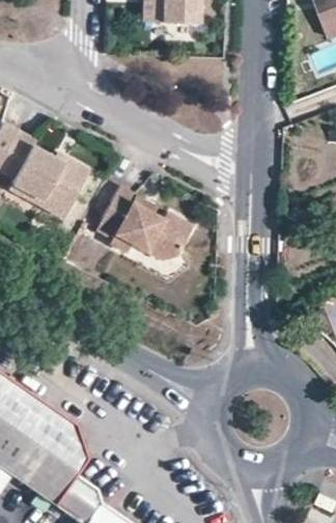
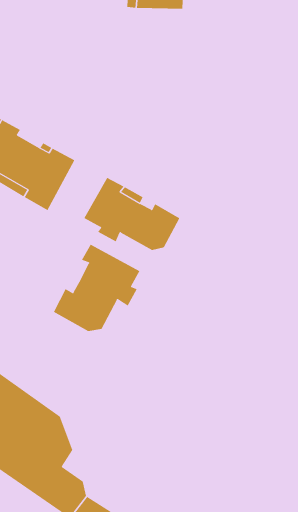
building: none -> [53,244,140,332]

